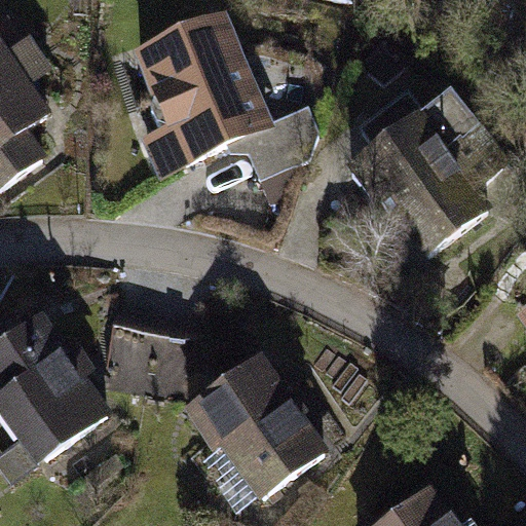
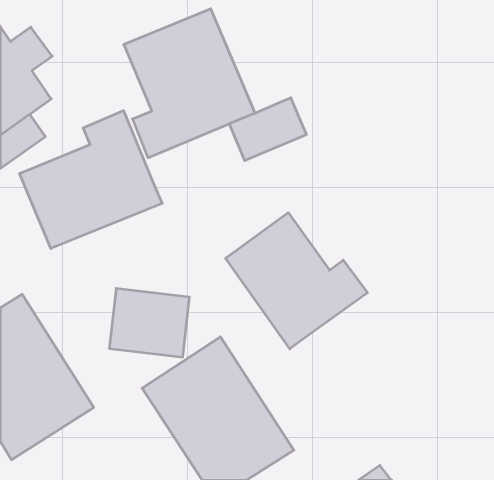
building: [354,112,504,253] -> none
building: none -> [20,111,162,249]
building: none -> [226,213,367,349]

